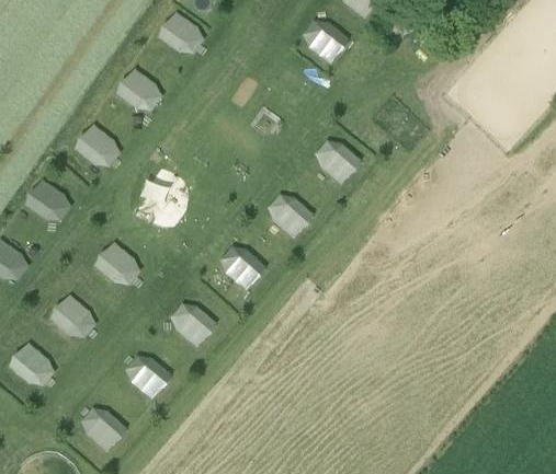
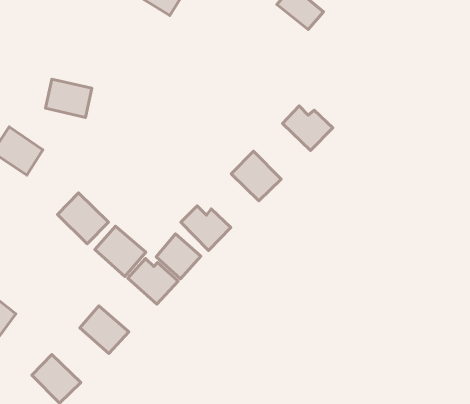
building: [116,68,166,114] -> none
building: none -> [95,226,146,277]
building: none -> [156,234,201,279]
building: [49,294,100,342] -> none

